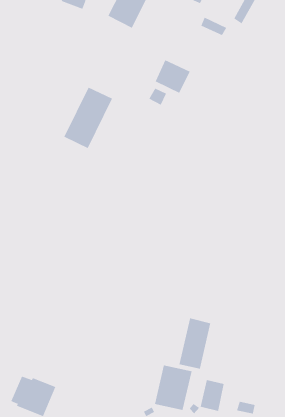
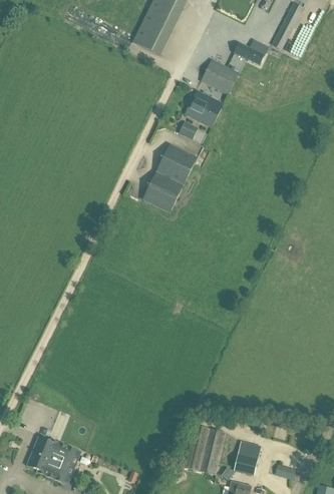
building: none -> [202,59,240,94]
building: [63,87,113,149] -> [143,144,198,212]
building: [179,318,211,369] -> none

